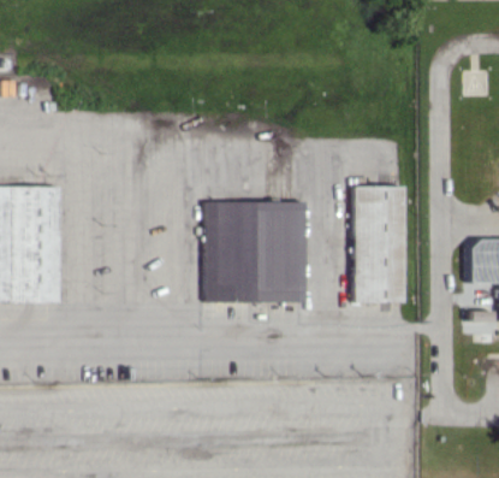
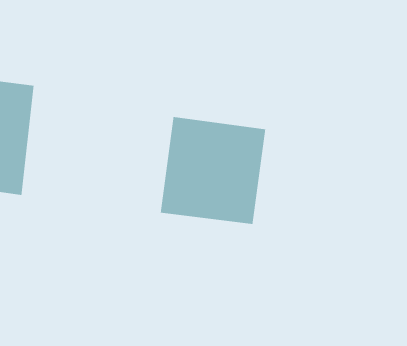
building: [352,185,404,302] -> none

